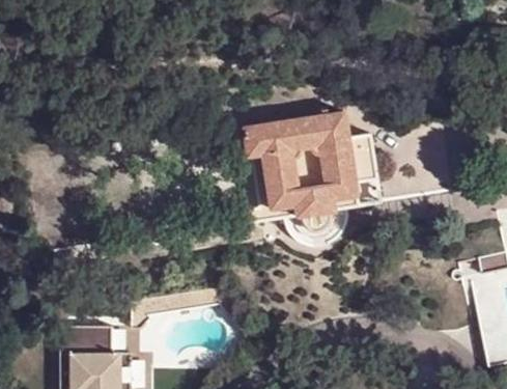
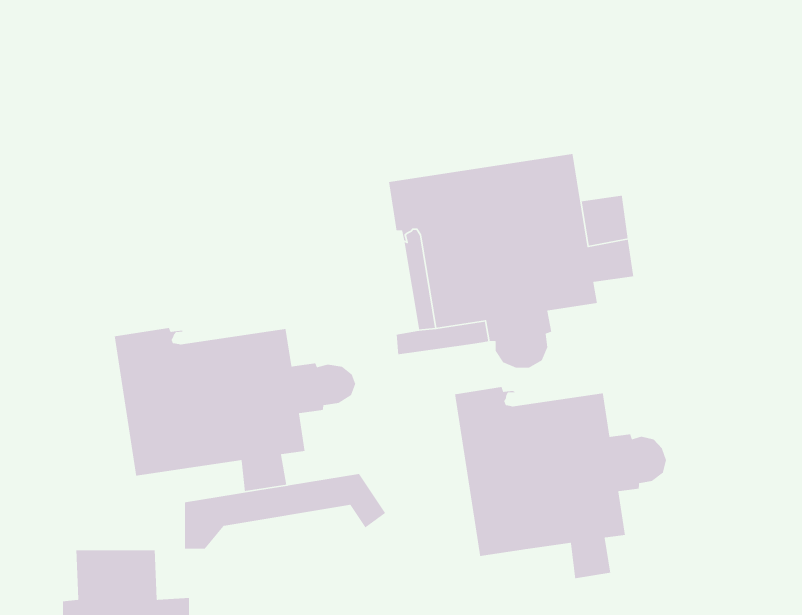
building: none -> [114,327,356,492]
building: none -> [454,386,667,579]

